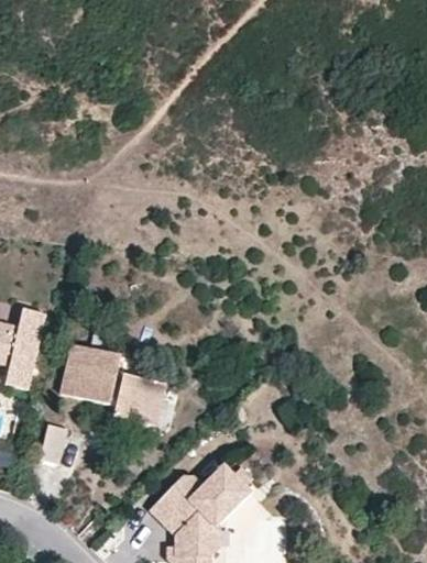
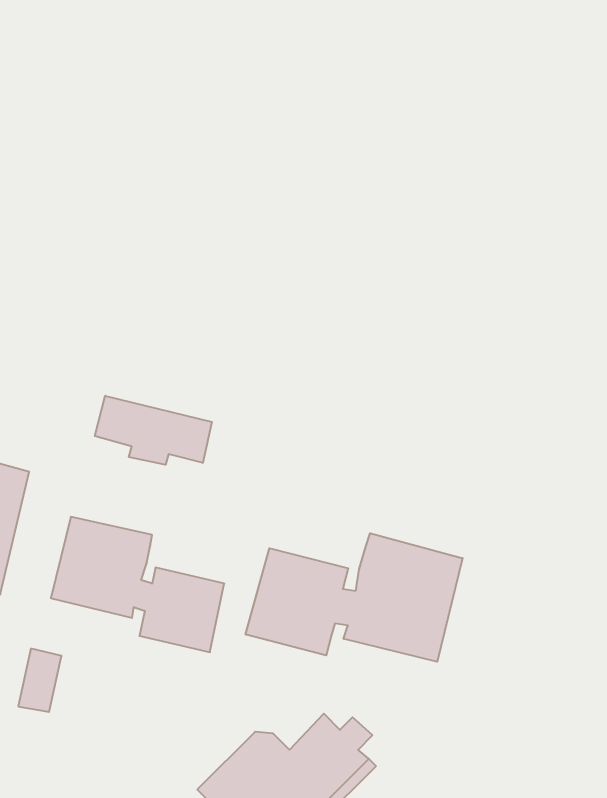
building: none -> [95,396,212,465]
building: none -> [246,533,463,662]

